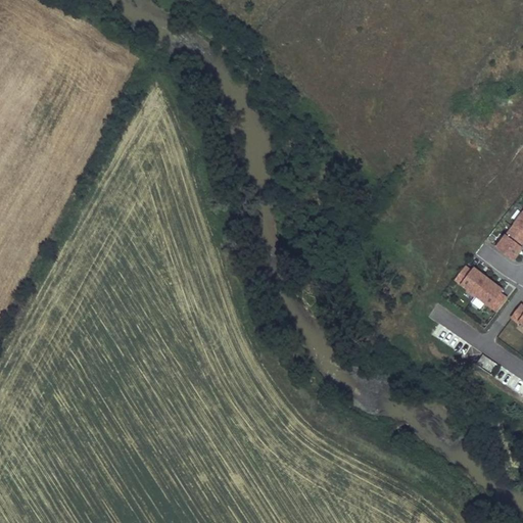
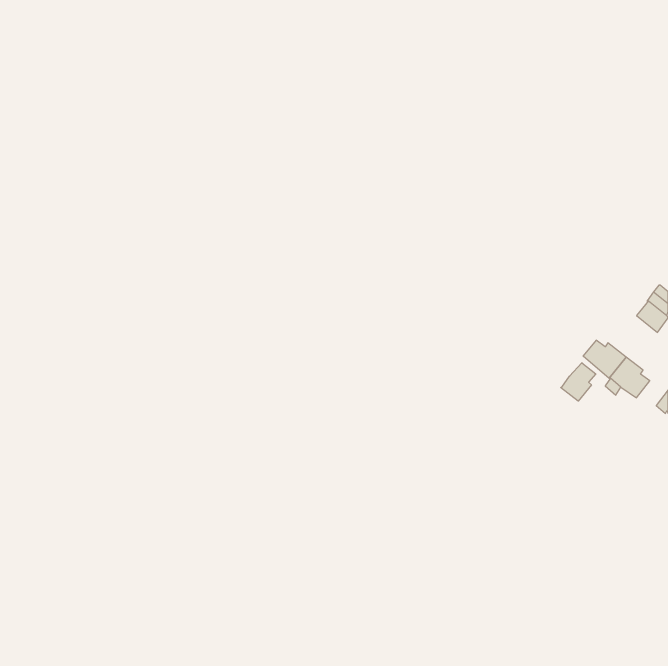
building: none -> [561,363,596,401]

